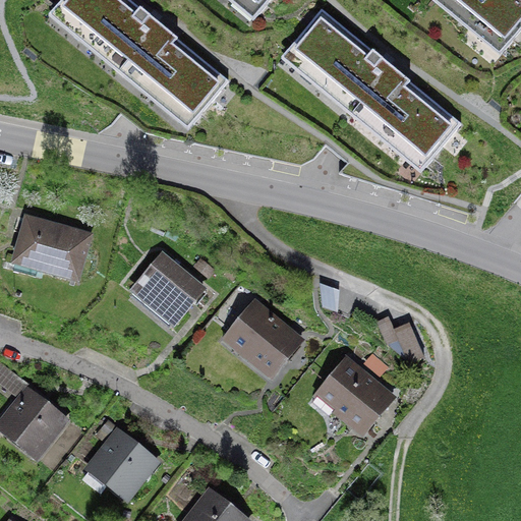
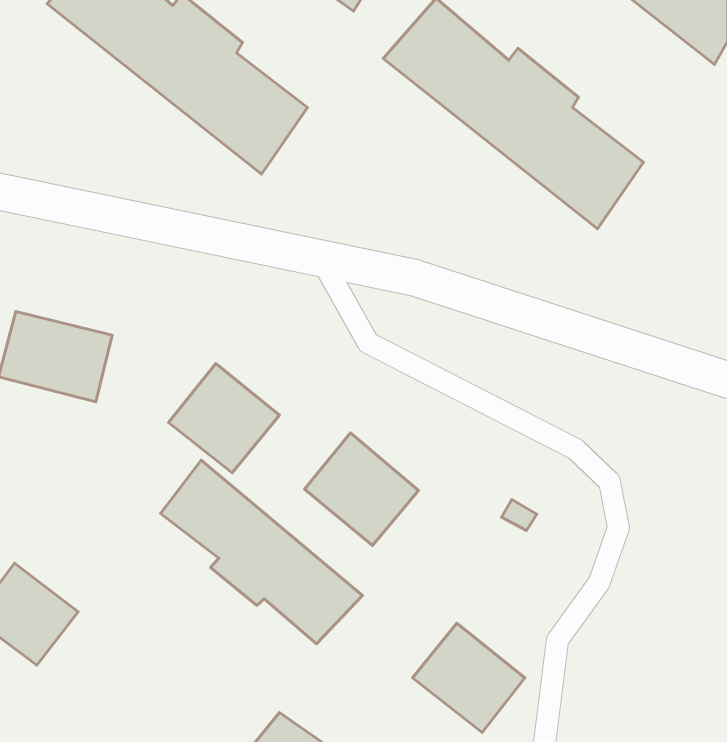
building: none -> [160,460,363,644]
building: [313,362,391,438] -> [412,623,525,733]
building: [86,435,157,504] -> none

